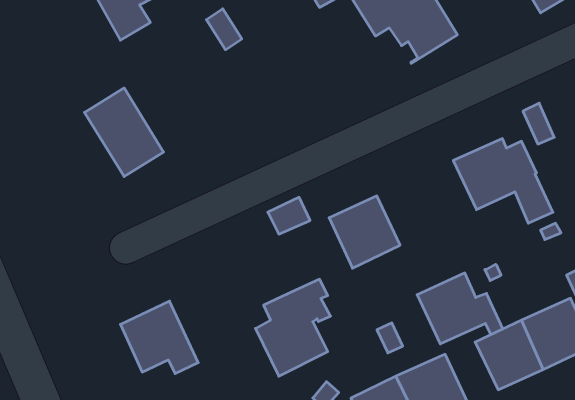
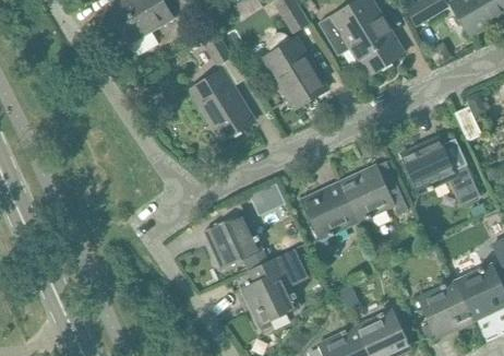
building: none -> [262,32,326,108]
building: [84,88,164,177] -> [190,69,253,140]
building: [417,273,503,344] -> [338,164,407,221]
building: [120,301,198,374] -> [204,211,266,269]

